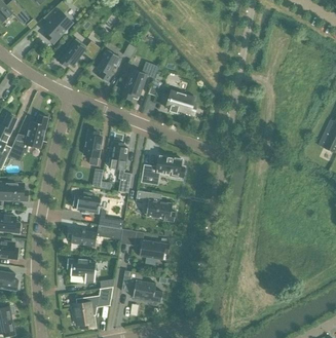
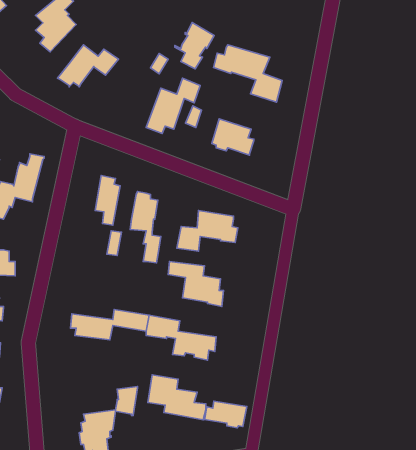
building: none -> [214,45,282,102]
building: [94,48,121,81] -> [175,22,214,69]
building: [72,191,123,228] -> none
building: [67,258,96,283] -> none
building: none -> [204,401,247,428]

